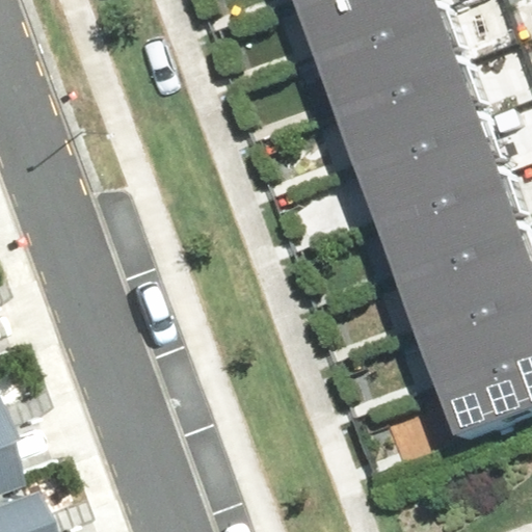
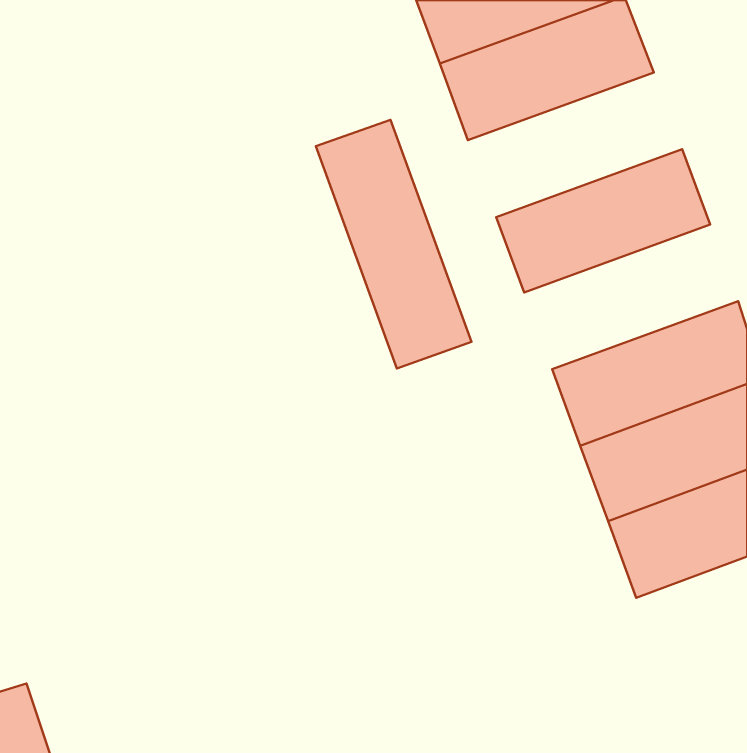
building: [329,52,480,154] -> none
building: none -> [316,120,472,368]
building: [369,159,520,261] -> none

